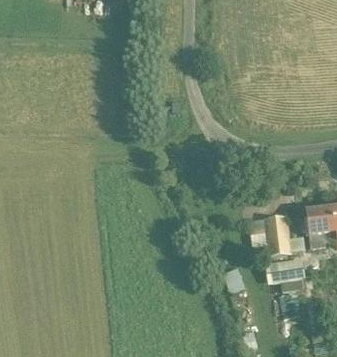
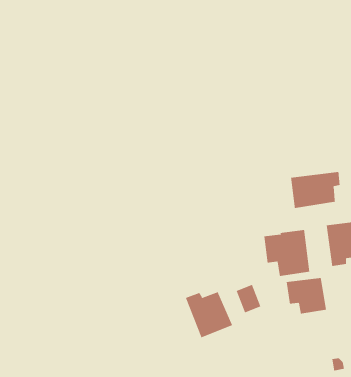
building: none -> [291,171,340,209]
building: none -> [185,291,233,338]

